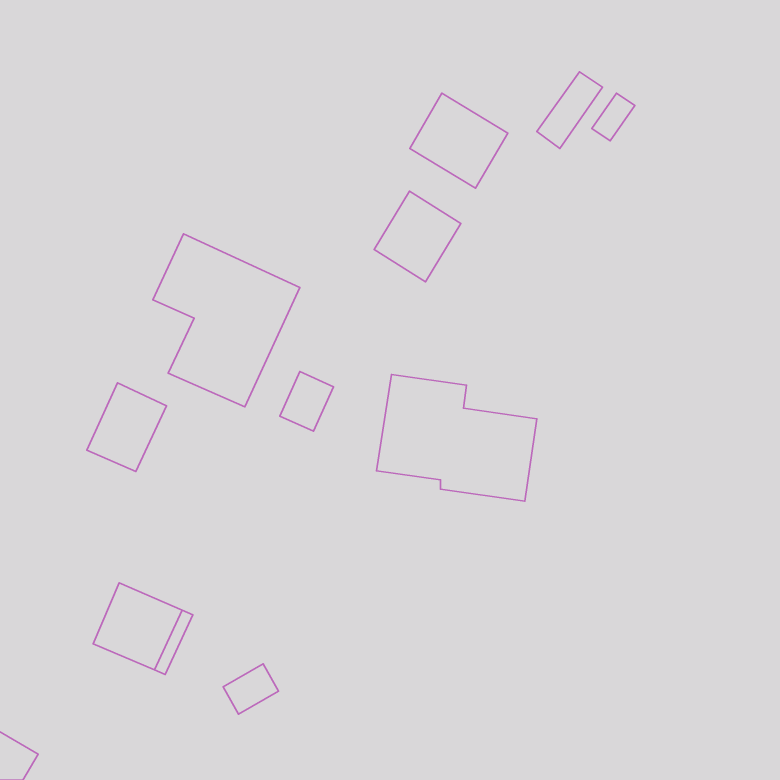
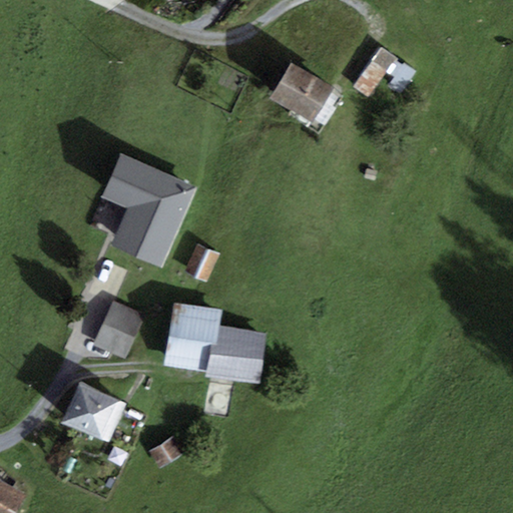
building: [374,191,461,282] -> none
building: [376,374,537,501] -> [162,302,268,385]
building: [87,383,166,472] -> [92,300,144,358]

